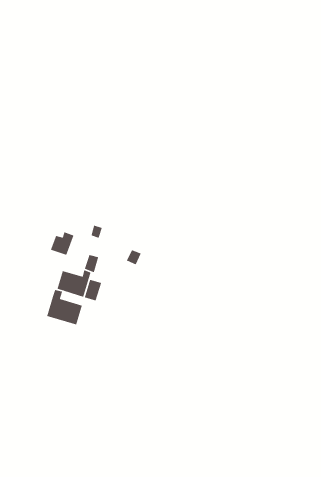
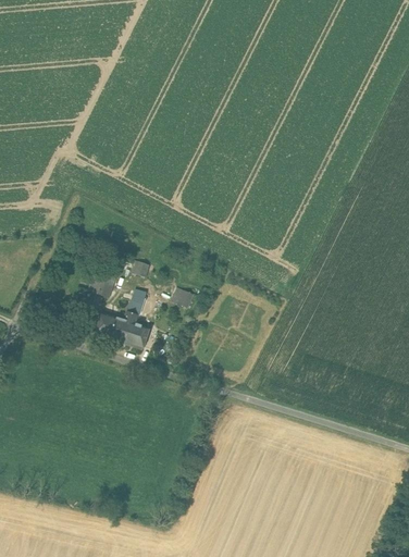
building: [46,289,83,326] -> none

